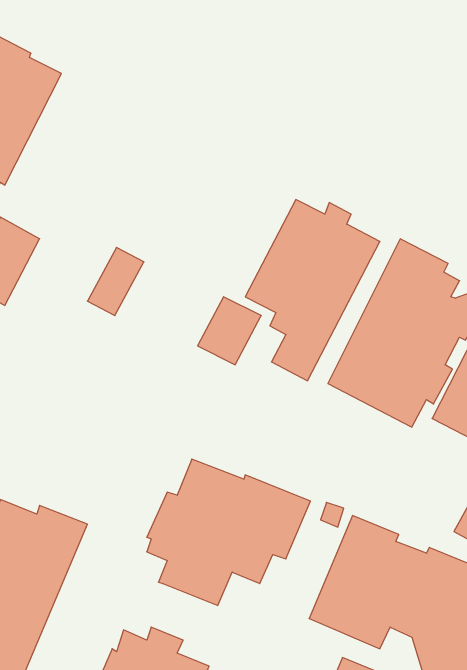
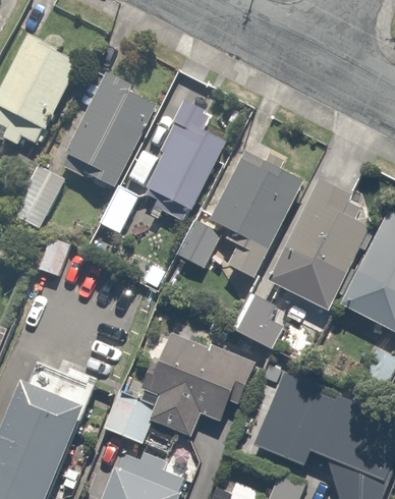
building: none -> [60,73,156,188]
building: none -> [145,101,226,222]
building: none -> [229,292,283,350]
building: none -> [102,391,154,444]

